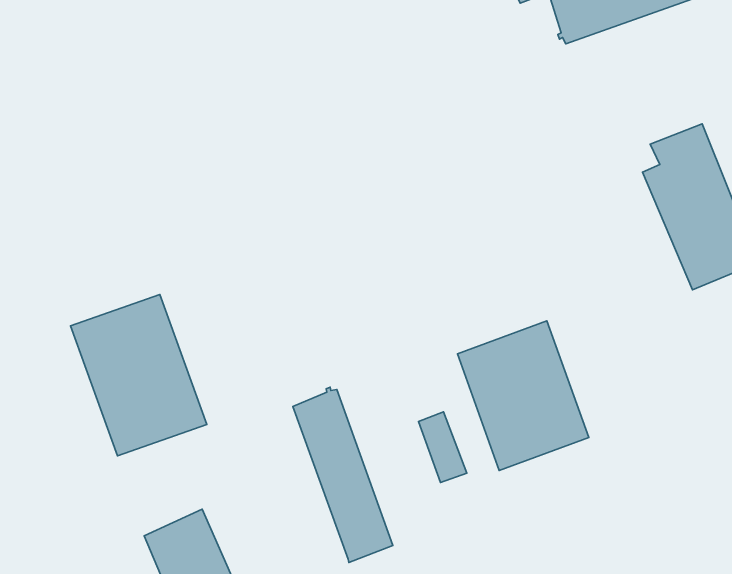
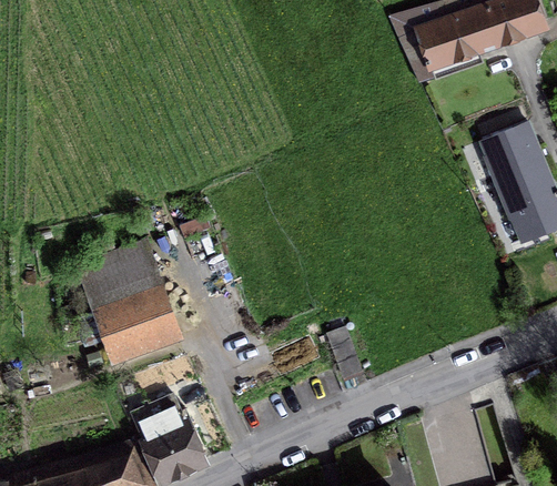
building: [457,321,589,471] -> none
building: [293,387,393,563] -> none

